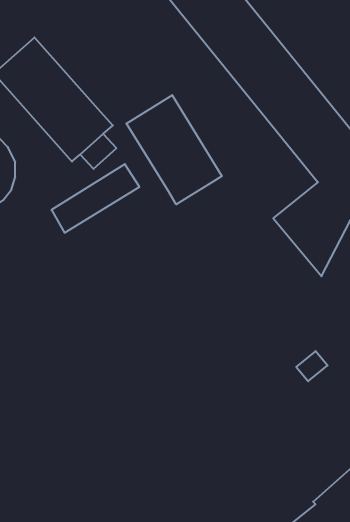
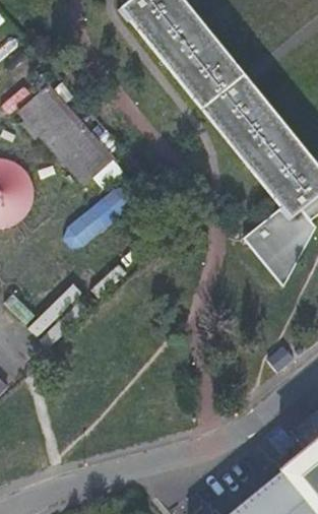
building: [126,95,222,204] -> none

